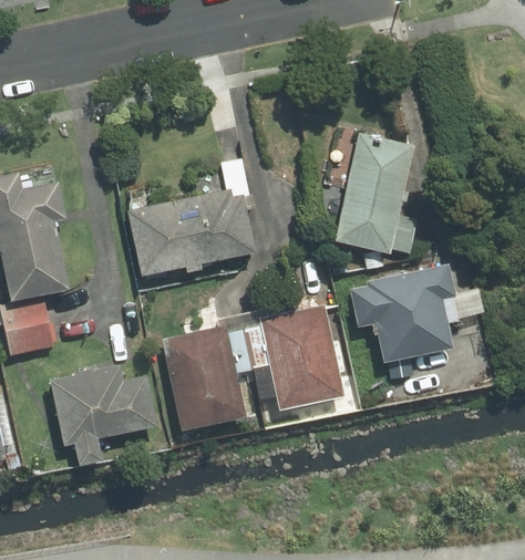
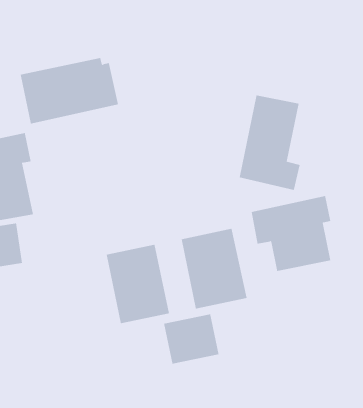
building: [127,189,256,276] -> [20,57,119,124]
building: [50,360,158,465] -> none
building: none -> [164,314,219,364]

